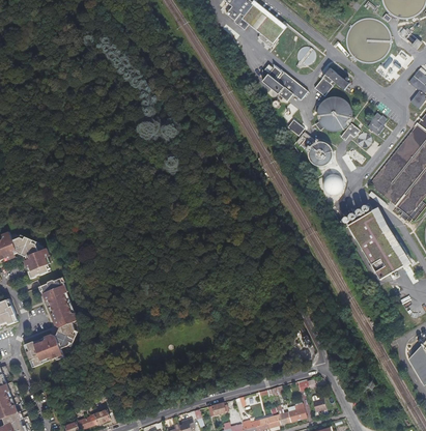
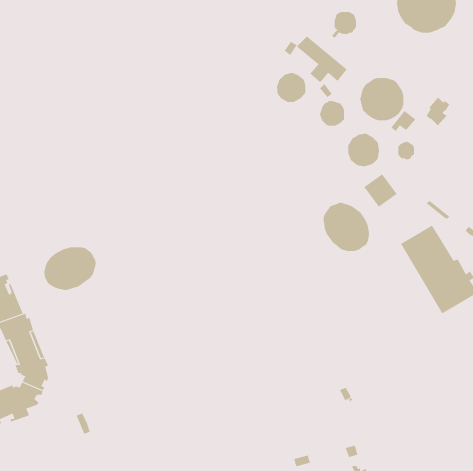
building: [314,67,349,95] -> none
building: none -> [276,72,306,103]
building: none -> [323,202,369,252]
building: none -> [44,246,96,291]

